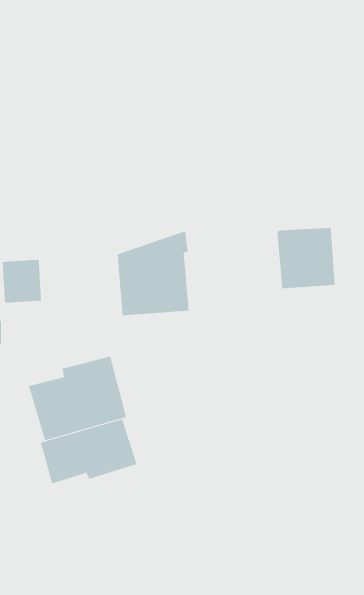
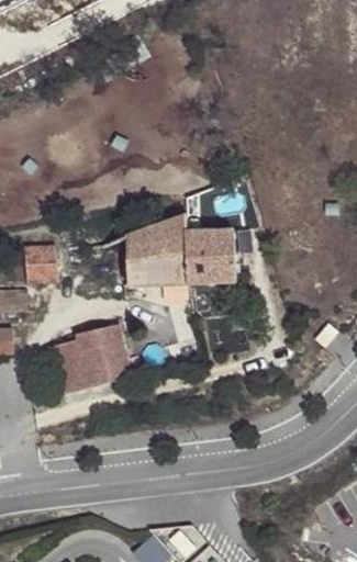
building: [277,228,335,289] -> [183,229,235,283]
building: [40,419,137,484] -> none

